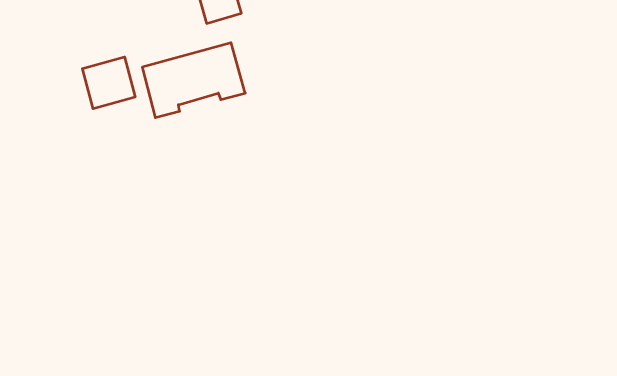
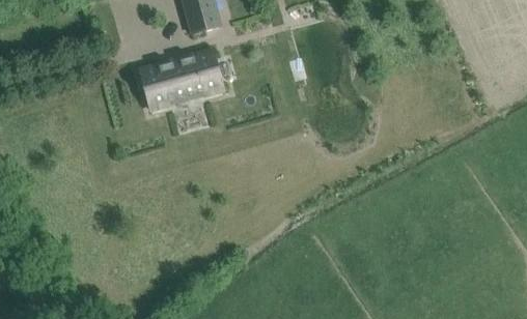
building: [82,57,135,109] -> none

